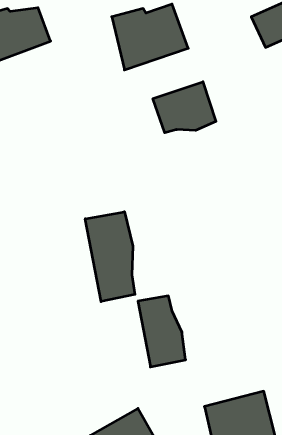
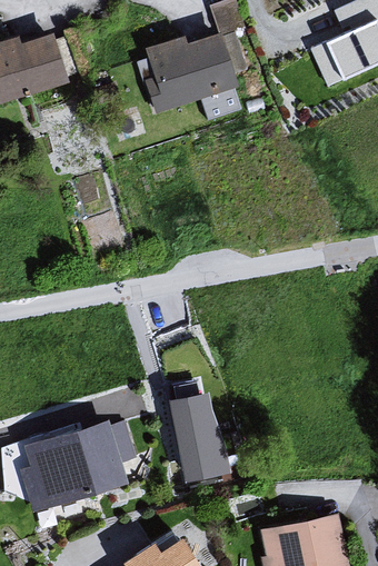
building: [153,82,216,133] -> none
building: [85,212,135,302] -> none
building: none -> [17,419,136,513]

